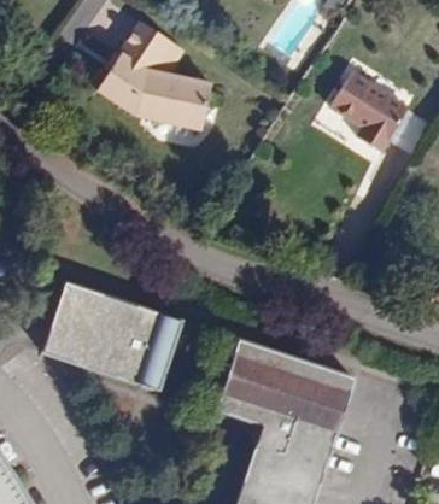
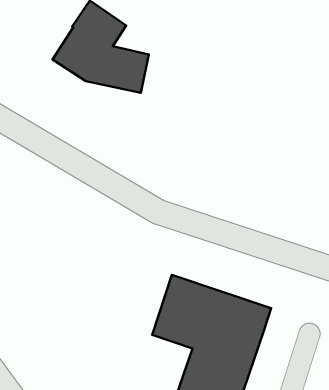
building: [330,72,408,152] -> none
building: [43,286,182,393] -> none

